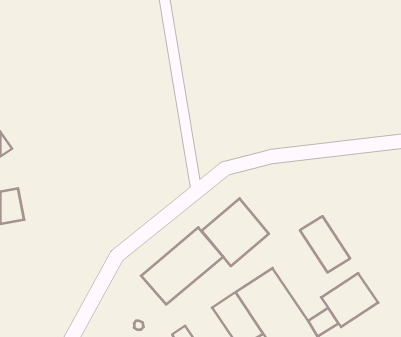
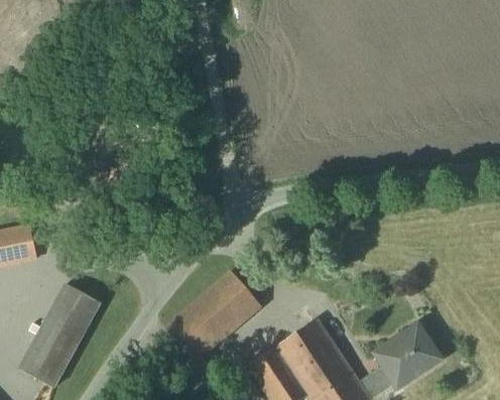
building: [202,198,269,266] -> none
building: [300,216,350,272] -> none
building: none -> [18,283,102,392]

